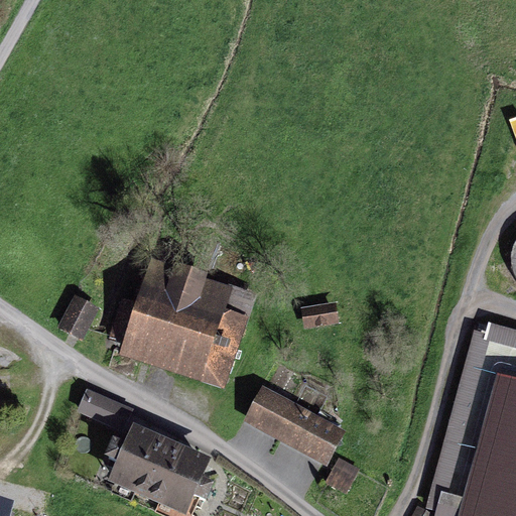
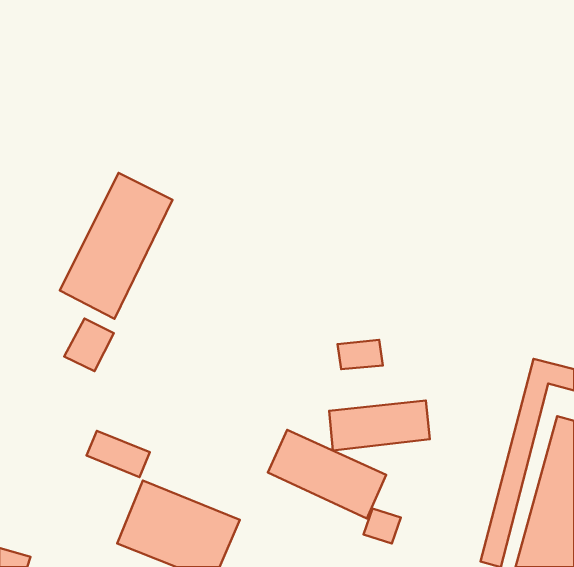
building: none -> [60,173,172,319]
building: [122,259,244,387] -> none
building: none -> [329,400,430,451]

